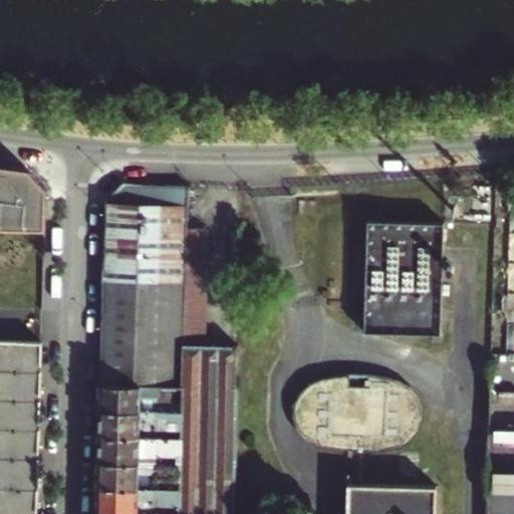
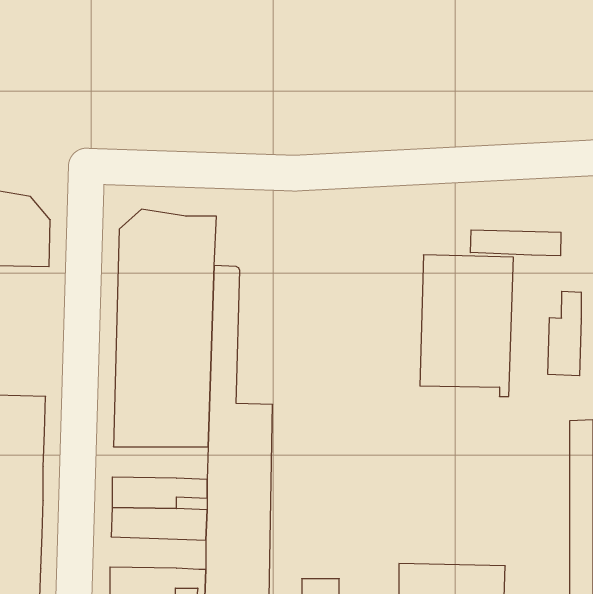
building: none -> [470,230,561,256]
building: none -> [548,291,581,376]
building: [291,379,418,456] -> none
building: [96,387,153,414] -> none
building: [94,464,177,492] -> none

